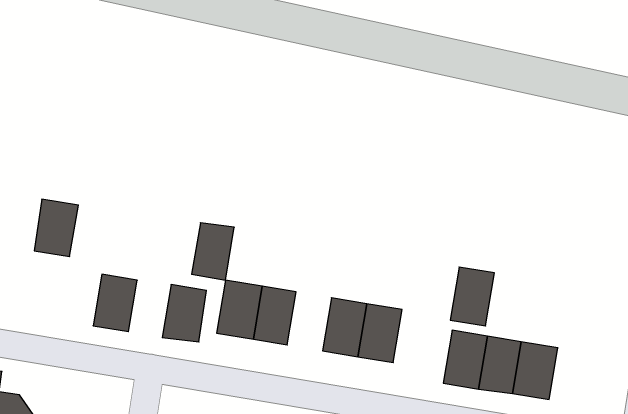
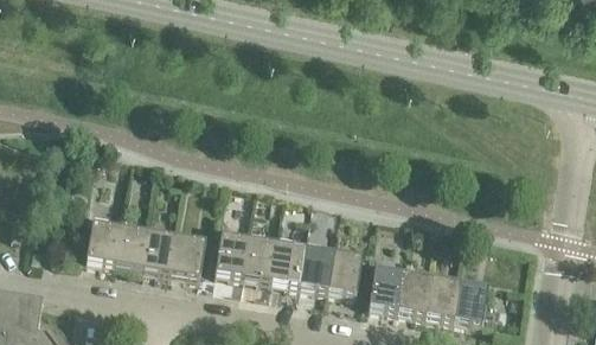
building: [34,199,78,257] -> [85,222,121,268]
building: [192,223,234,280] -> [142,231,177,277]
building: [450,267,494,326] -> [367,267,403,314]
building: none -> [270,241,306,288]

